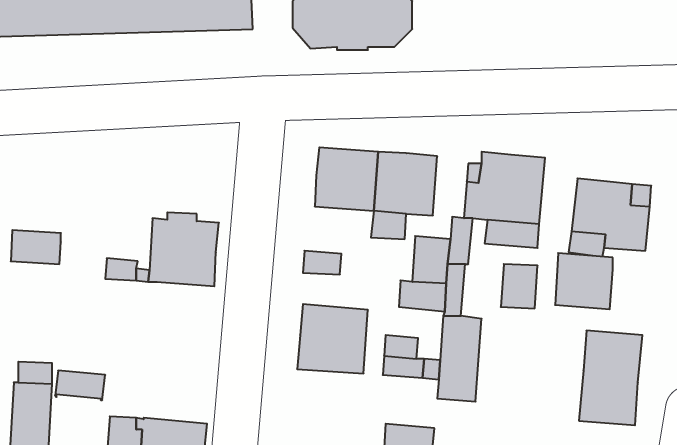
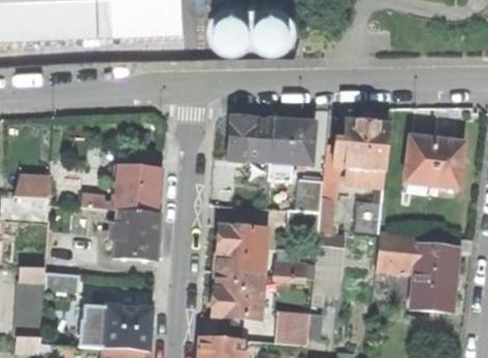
building: [555,253,613,309] -> [377,233,417,272]
building: none -> [108,210,157,260]
building: none -> [212,271,261,319]

